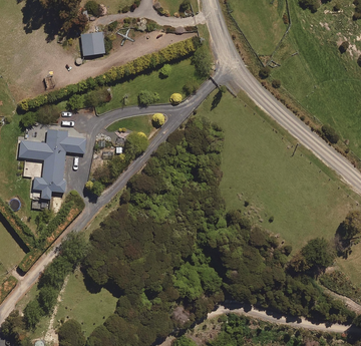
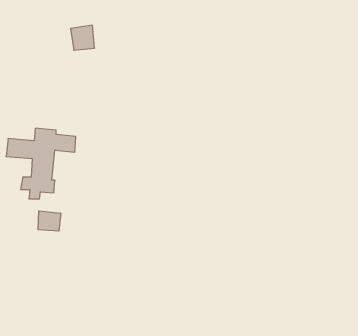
building: none -> [38,211,61,231]

